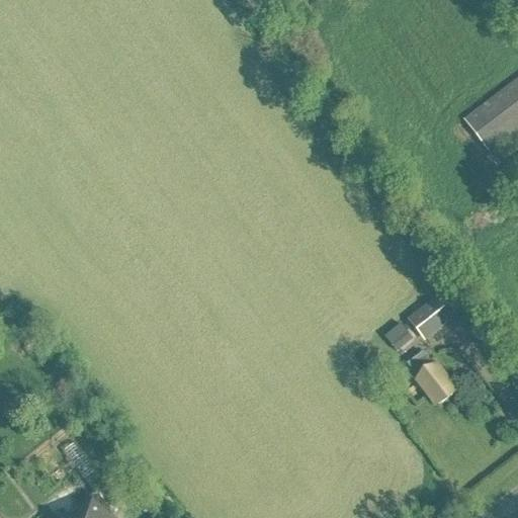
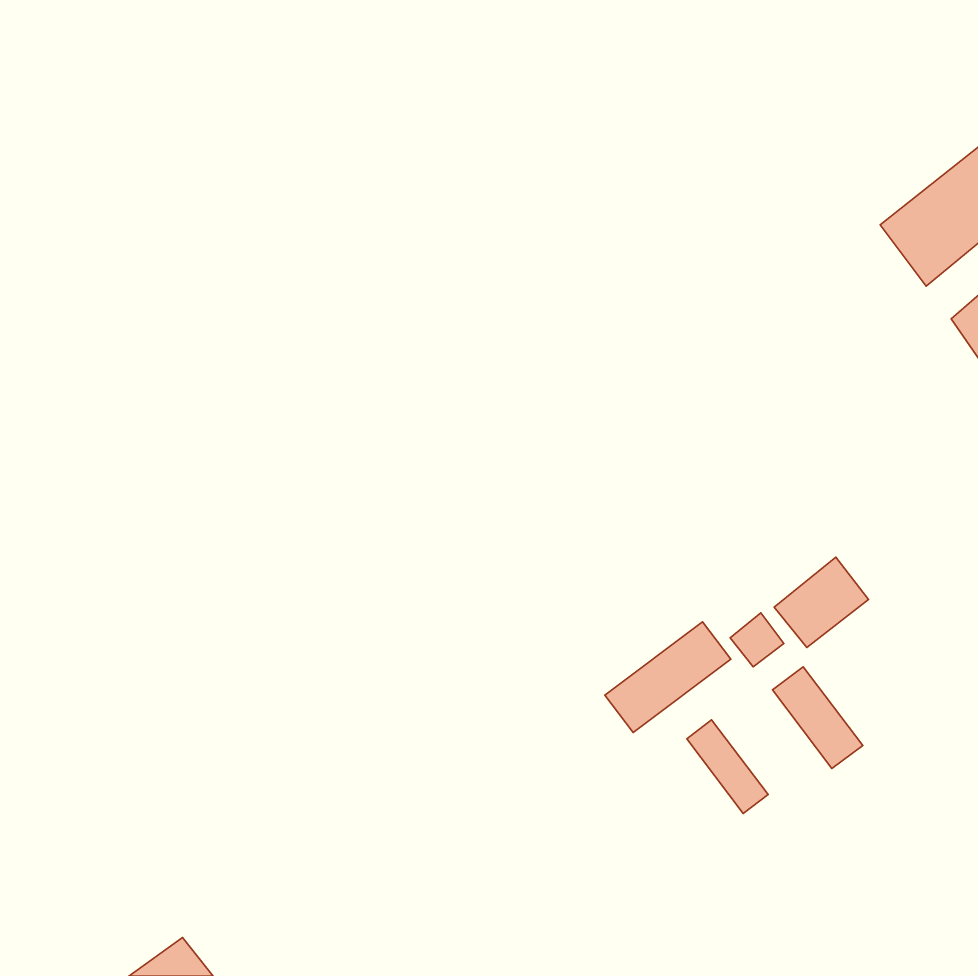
building: none -> [605,622,731,733]
building: none -> [687,720,768,814]

